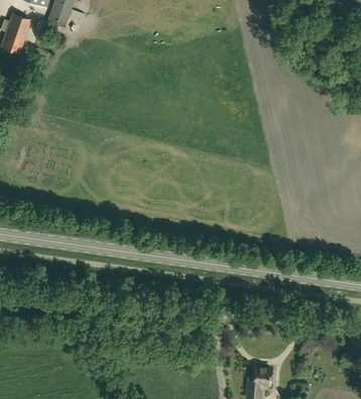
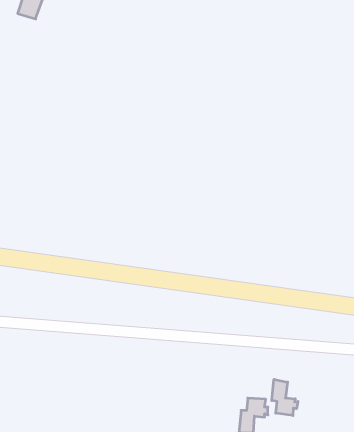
building: none -> [272,379,298,416]

